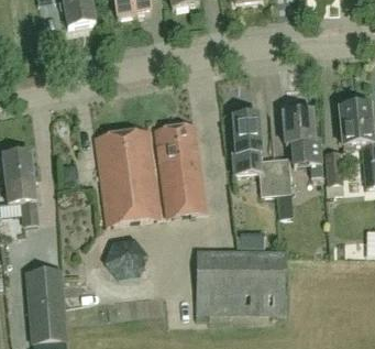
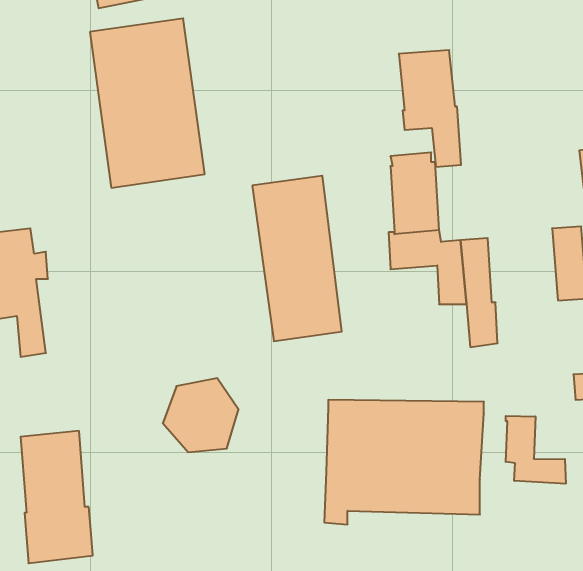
building: [283,109,318,175] -> [399,50,461,167]
building: [95,128,159,223] -> [90,18,205,188]
building: none -> [506,416,566,484]

